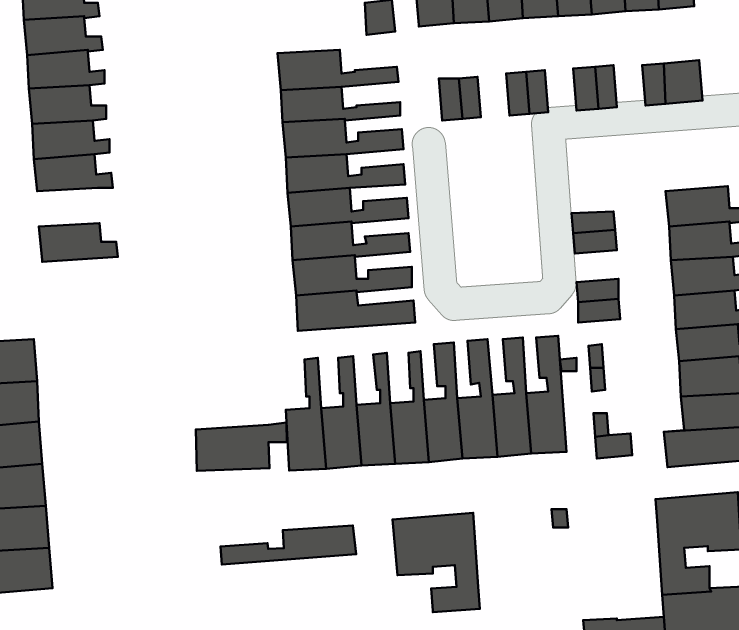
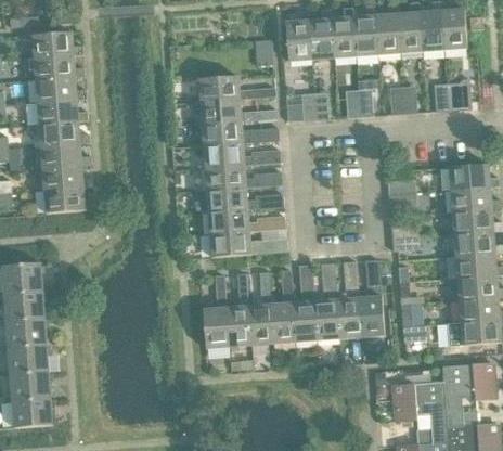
building: none -> [42,165,92,190]
building: [196,423,287,471] -> none
building: [393,513,480,612] -> [390,379,447,443]
building: [221,525,356,565] -> none

